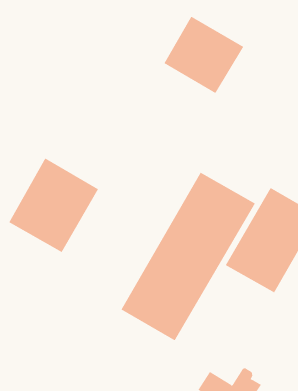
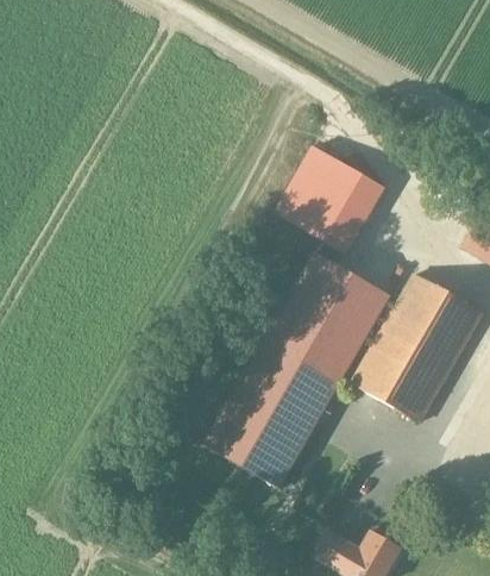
building: [164,16,244,94] -> [275,145,387,253]
building: [9,158,99,253] -> none

